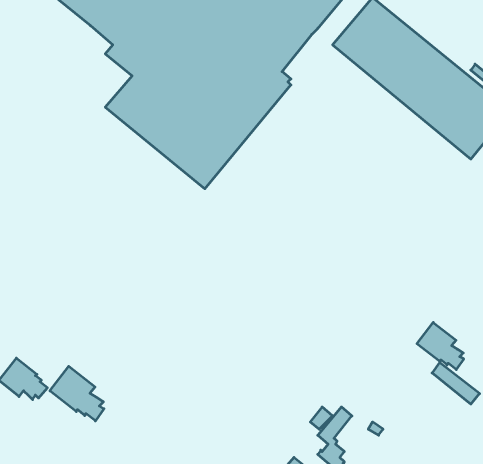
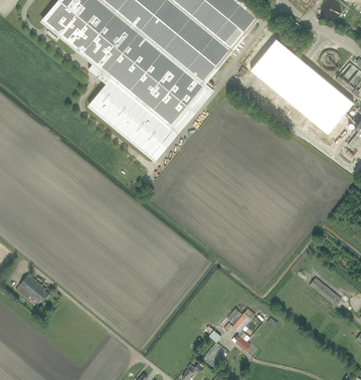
building: [417,322,464,370] -> none
building: [50,366,104,421] -> none

